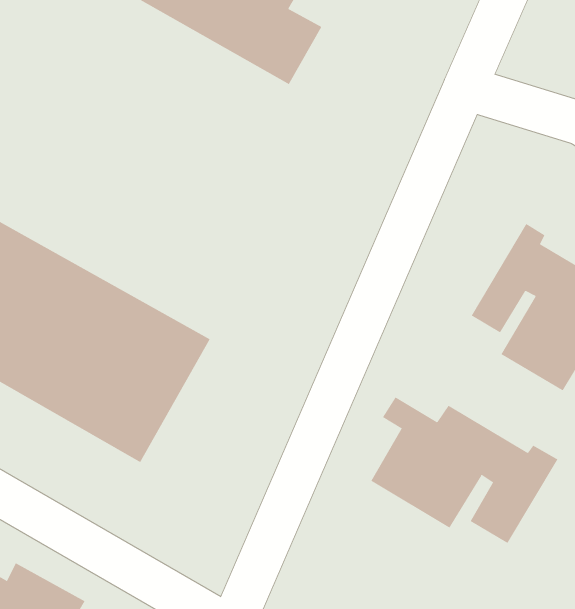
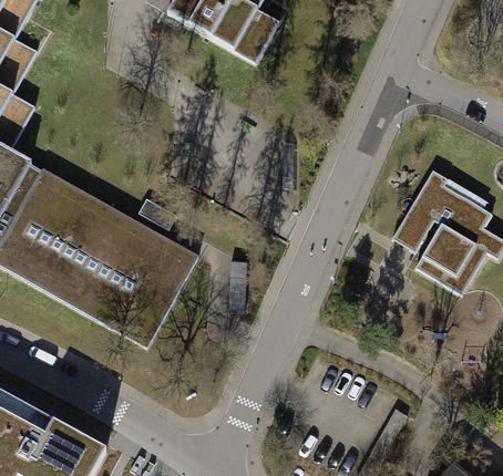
building: [370,396,558,544] -> none

